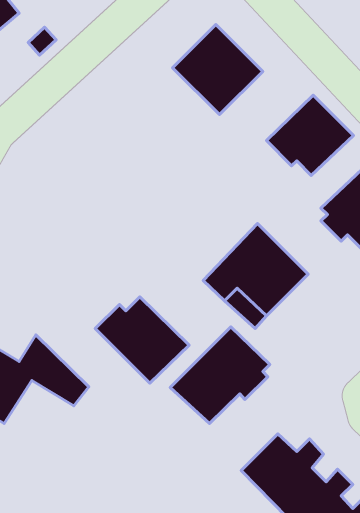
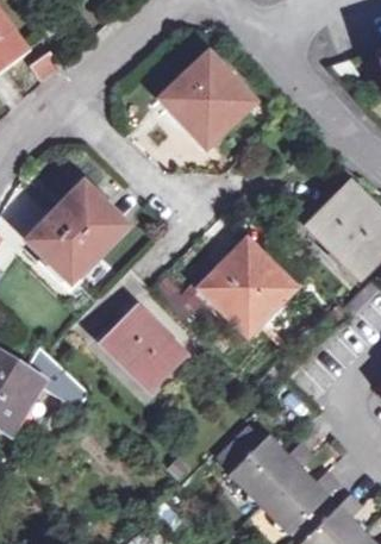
building: [267,95,354,175] -> none
building: none -> [27,181,126,280]
building: [170,327,270,424] -> none

